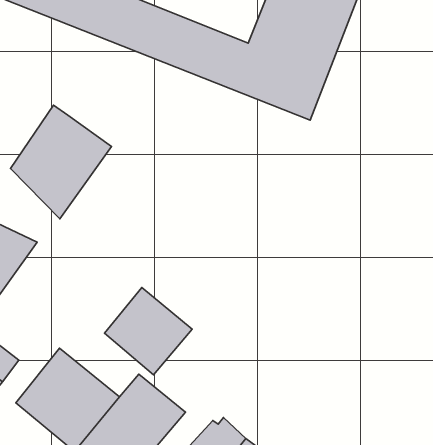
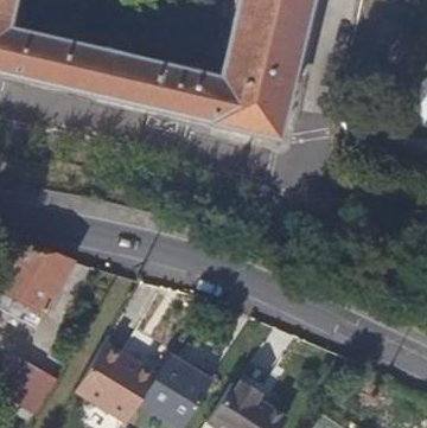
building: [11,105,112,219] -> none
building: [105,287,192,375] -> none

